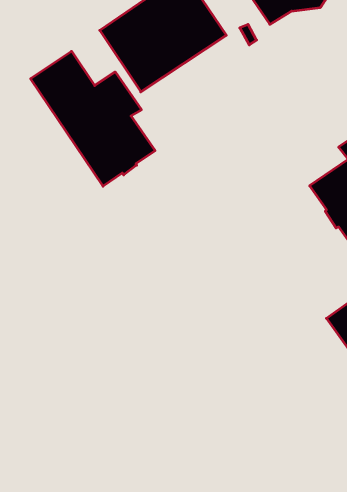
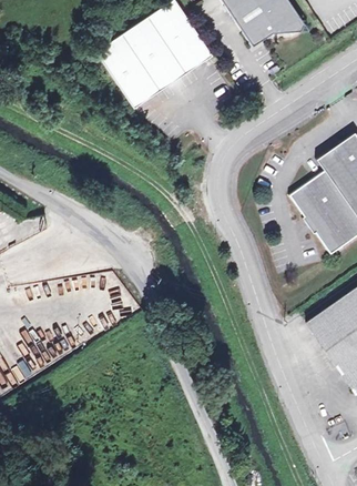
building: [31,51,155,186] -> none

